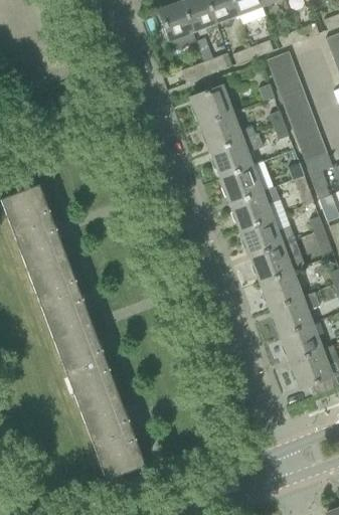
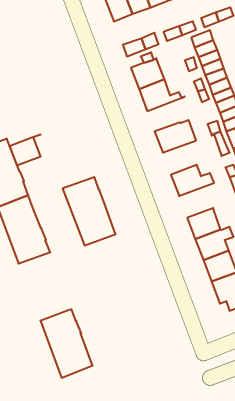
building: [212,133,264,176] -> none
building: none -> [10,135,41,165]
building: [231,186,279,229] -> none
building: [251,239,300,283] -> none
building: [53,325,119,409] -> [63,177,116,246]

